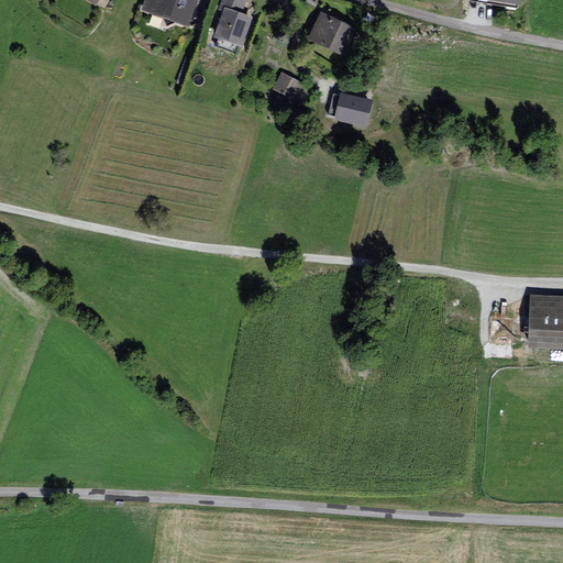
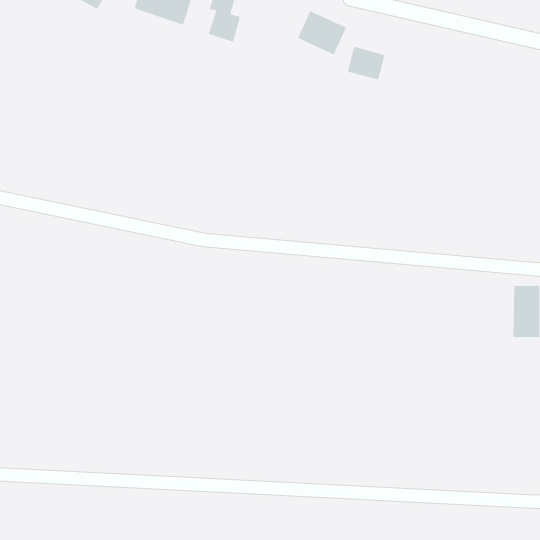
building: [271,69,306,100] -> none
building: [334,92,374,128] -> [347,46,385,80]

